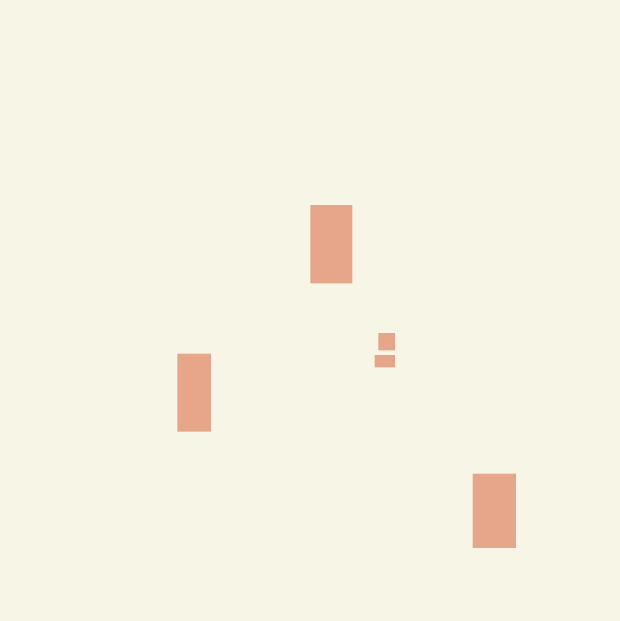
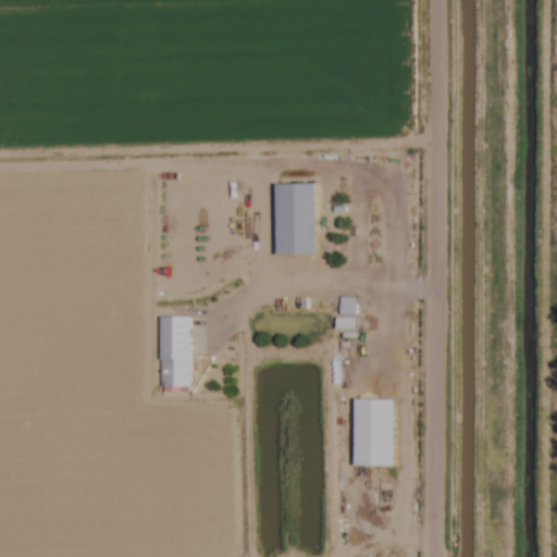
building: [472,473,517,549] -> [354,398,394,466]

